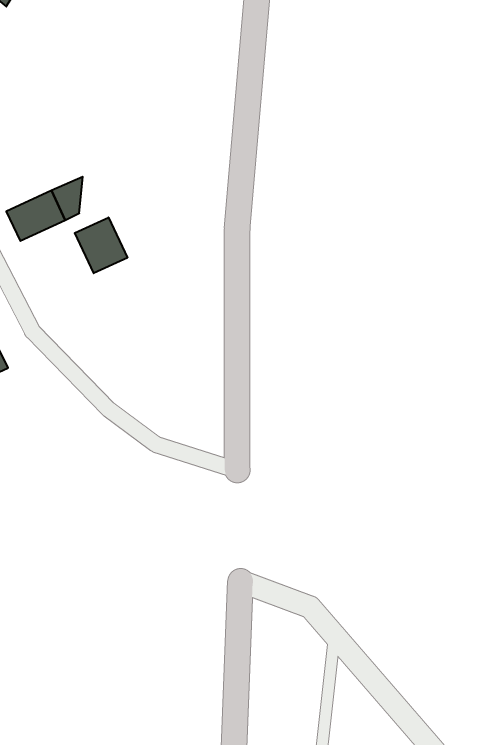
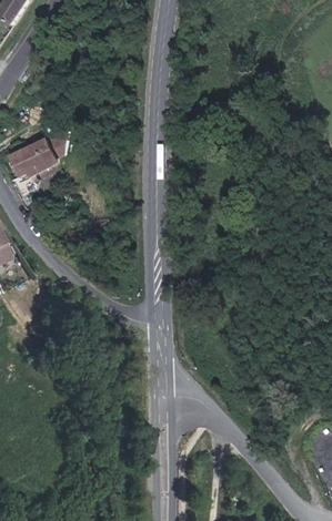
building: [75,217,127,273] -> none

